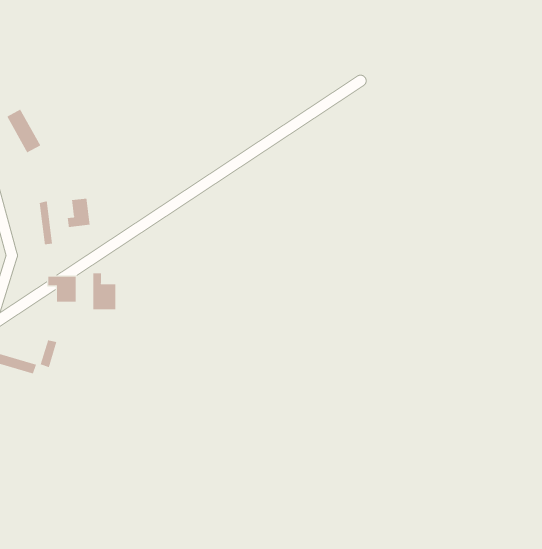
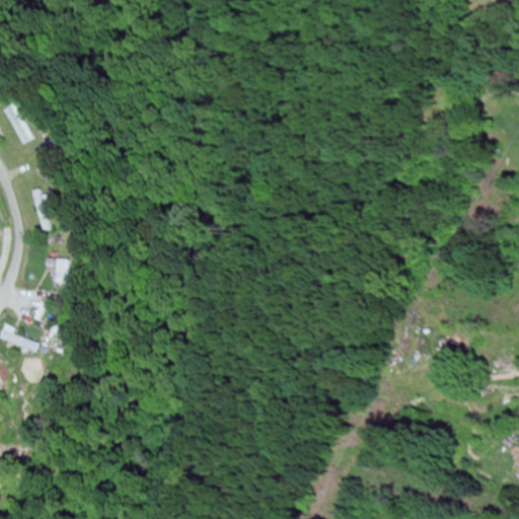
building: [67,198,90,228] -> none
building: [93,272,116,310] -> none

